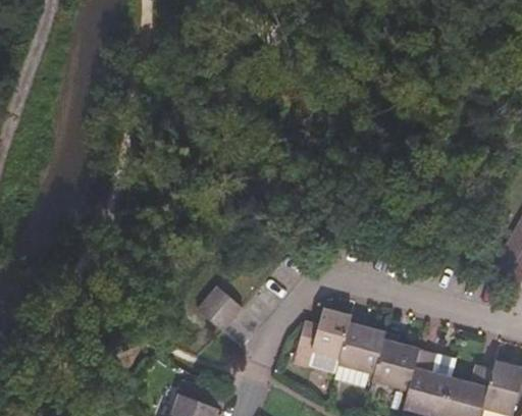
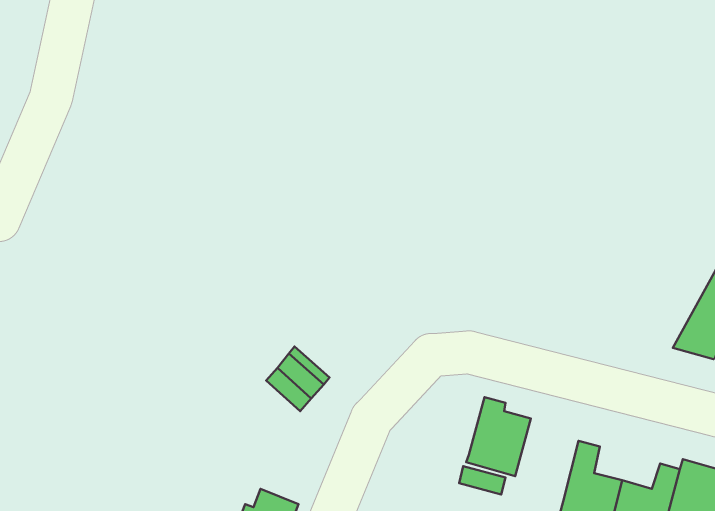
building: [302,311,352,359] -> none
building: [373,332,420,393] -> none

